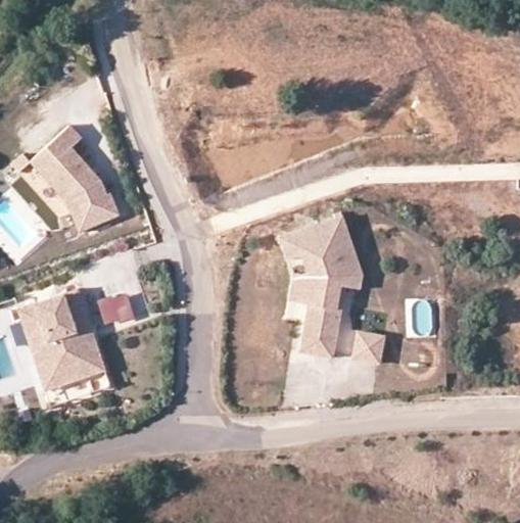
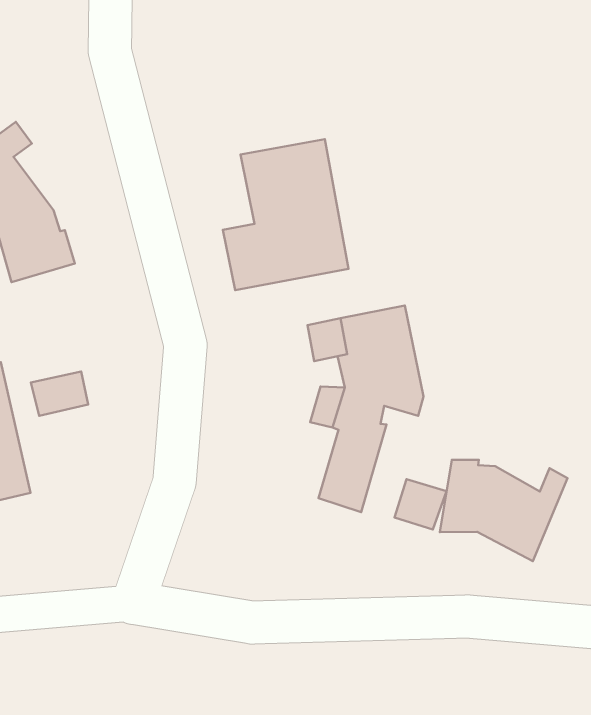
building: none -> [223,139,349,290]
building: none -> [440,460,568,561]

